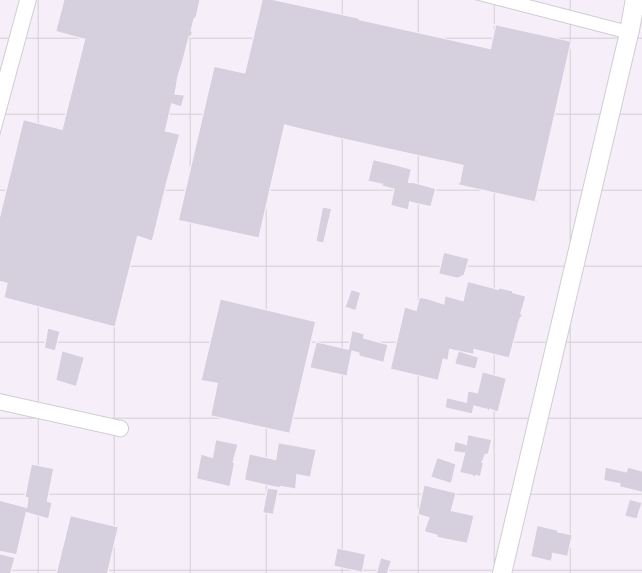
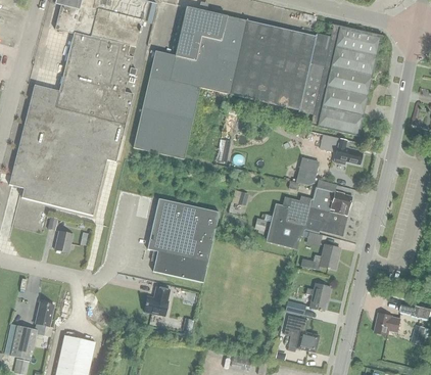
building: [368,160,436,210] -> [319,133,362,165]
building: [310,331,388,376] -> none
building: [244,442,316,489] -> none
building: [531,526,573,561] -> [374,312,400,334]

